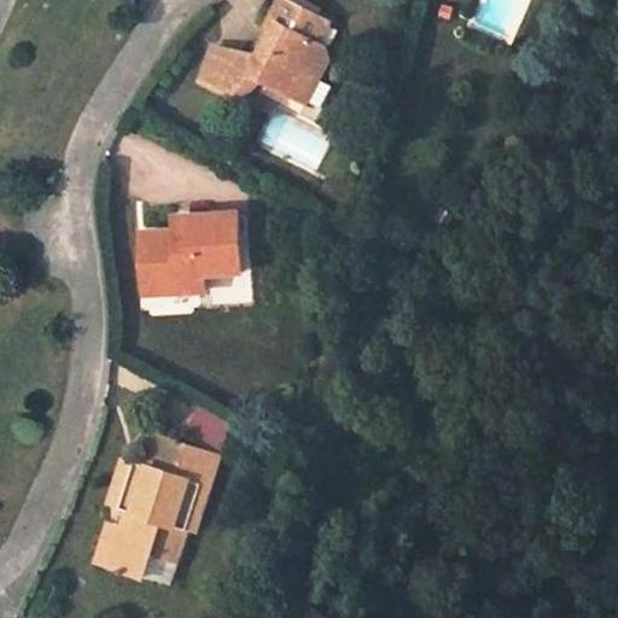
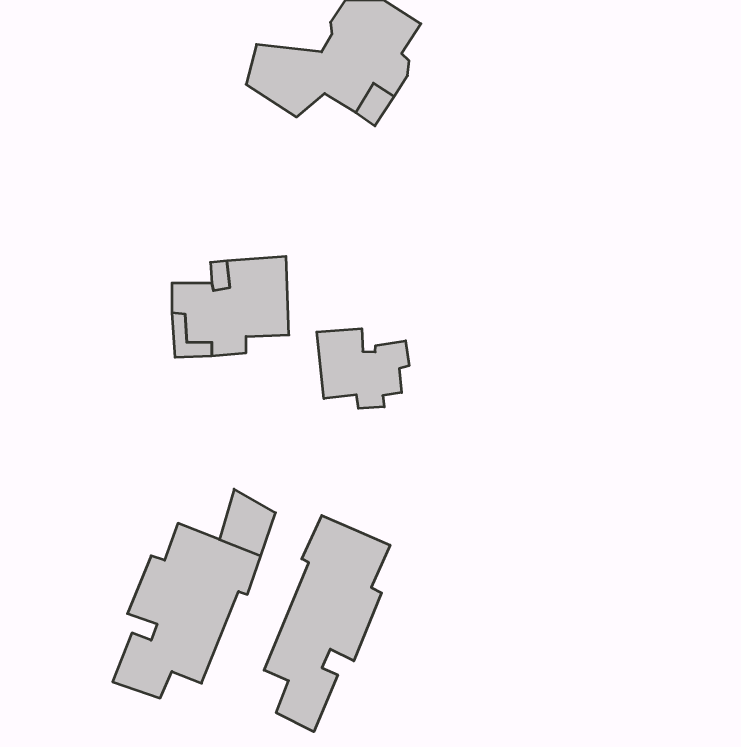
building: none -> [317,329,409,408]
building: none -> [264,515,390,732]

